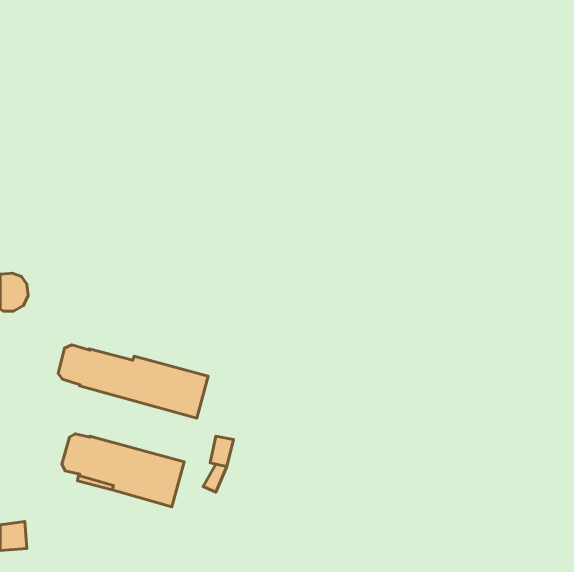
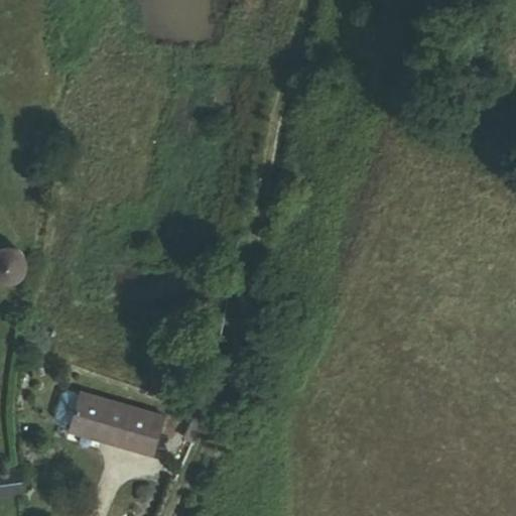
building: [58,345,208,418] -> none

